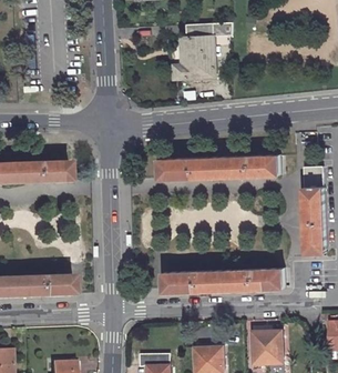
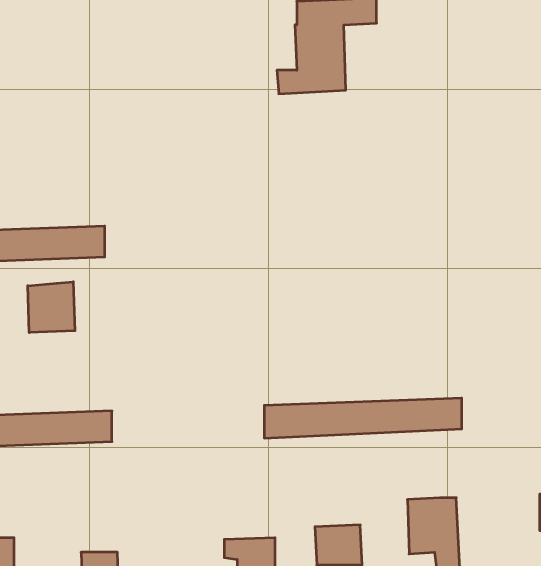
building: [161,154,280,178] -> none
building: [305,167,326,252] -> none
building: none -> [28,282,75,333]

